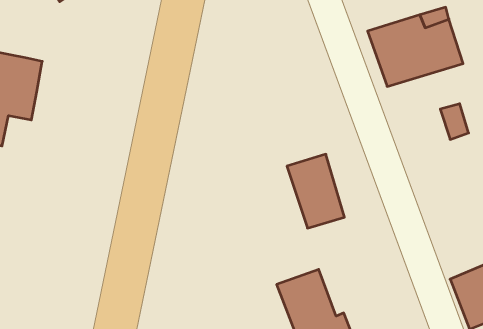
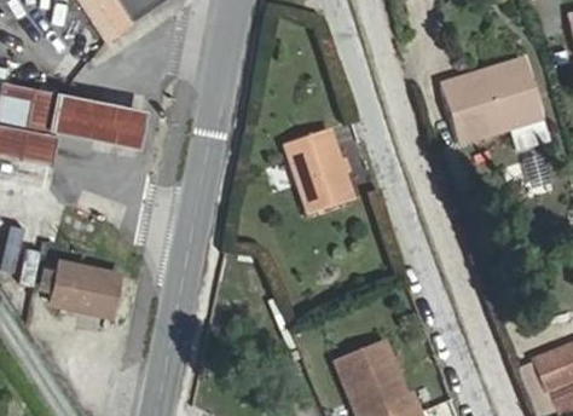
building: none -> [58,97,163,160]
building: [287,154,344,228] -> [290,126,354,208]
building: none -> [59,271,121,320]

